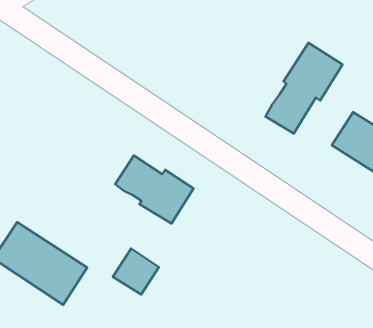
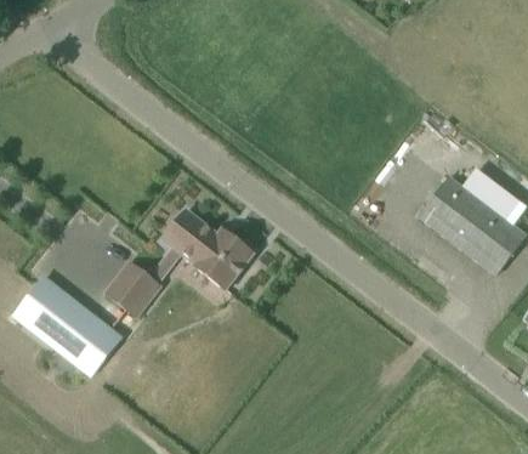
building: [266,43,343,134] -> none
building: [113,248,159,294] -> [106,260,160,314]

